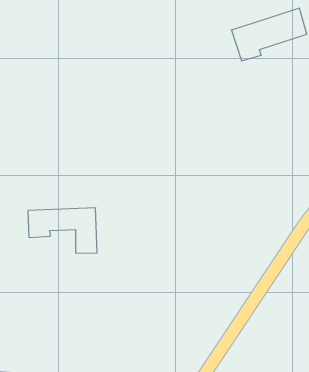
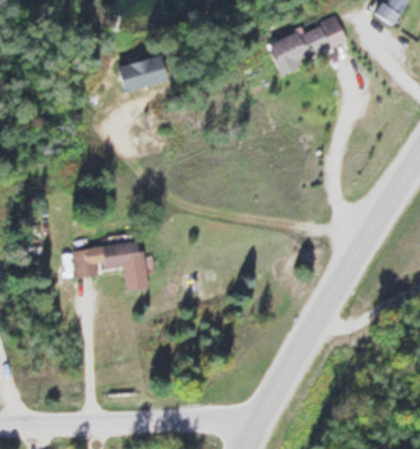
building: none -> [117,57,168,91]

